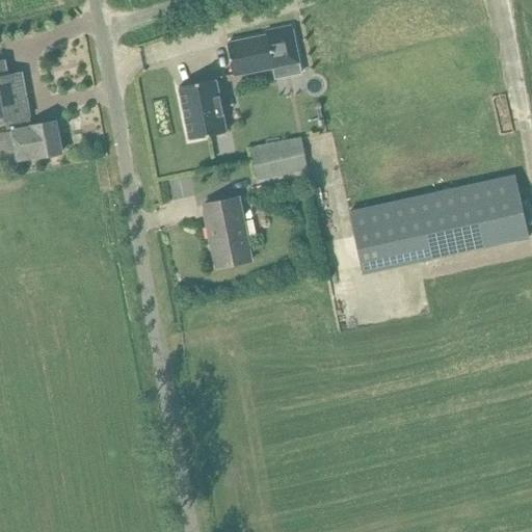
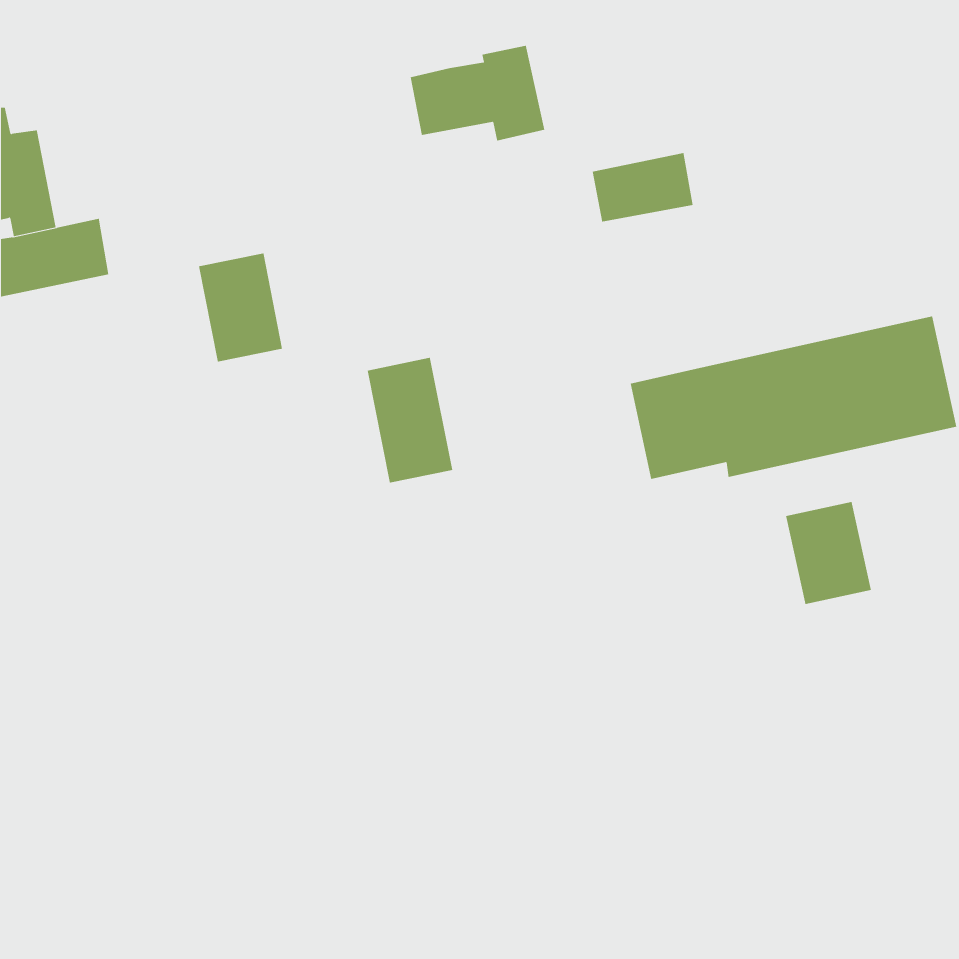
building: [180,79,227,139] -> [198,253,283,362]
building: [251,140,308,179] -> [592,153,694,222]
building: none -> [785,501,872,605]

